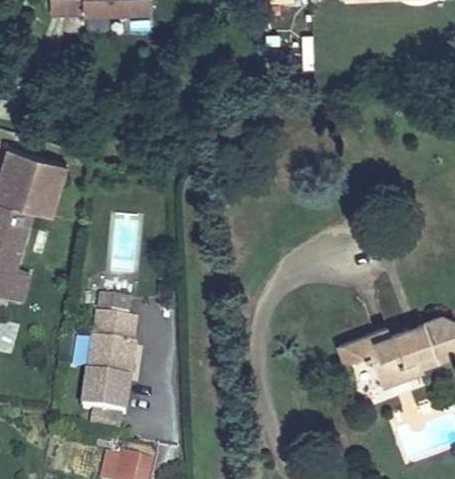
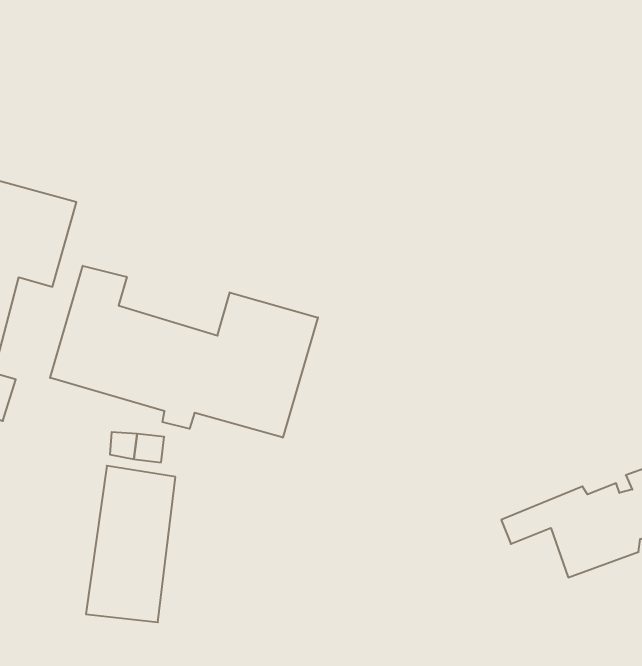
building: none -> [50,266,318,438]

